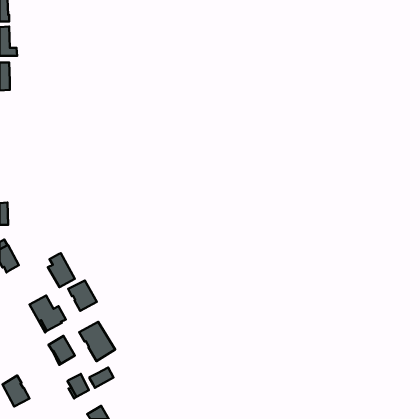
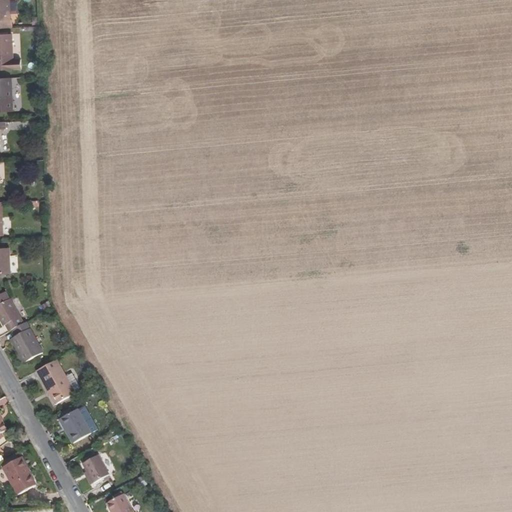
building: [48,253,75,287] -> [10,321,43,362]
building: [68,281,97,311] -> none
building: [79,322,115,361] -> none
building: [89,368,114,388] -> none

